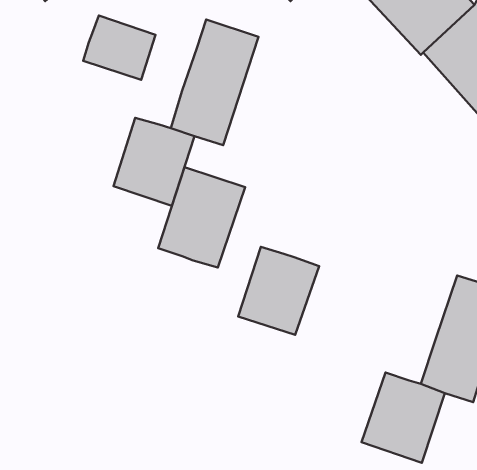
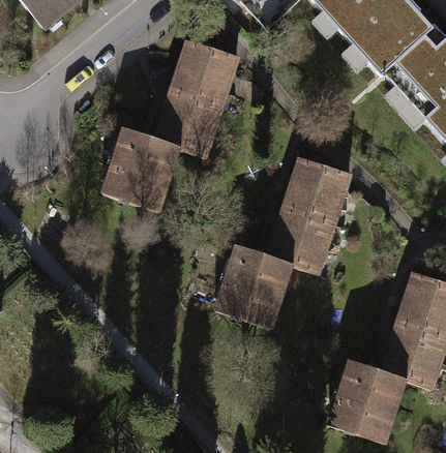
building: [83,16,156,80] -> none
building: none -> [268,157,350,272]
building: [158,167,245,267] -> none

